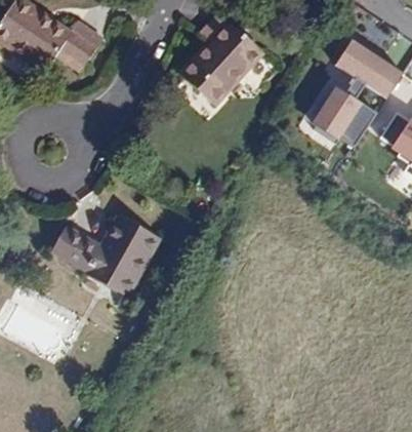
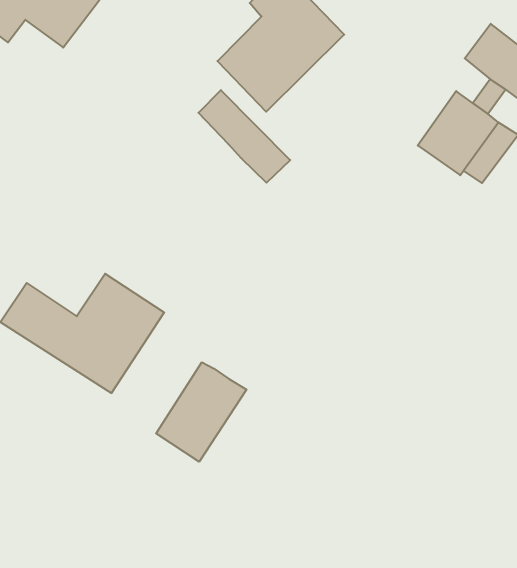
building: none -> [198,90,290,183]
building: none -> [156,362,246,462]

